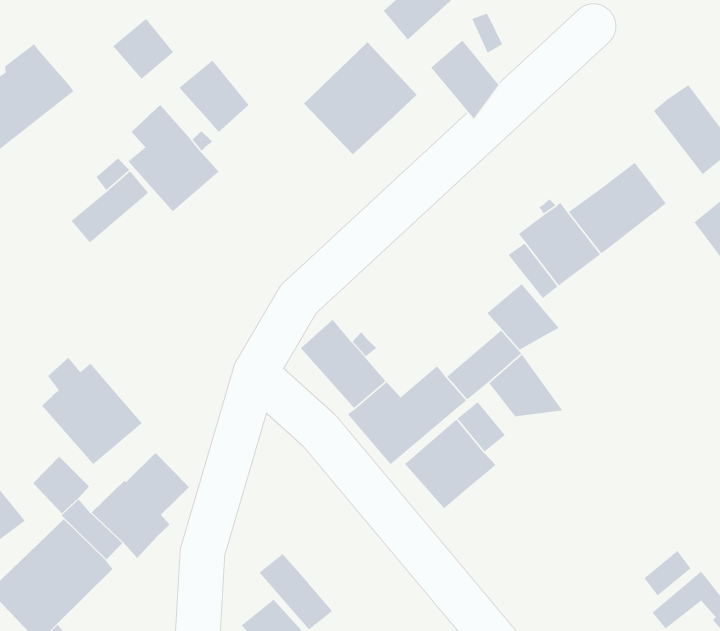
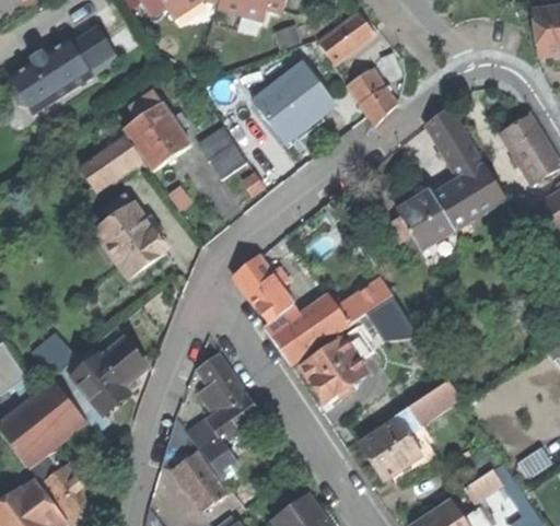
building: [112,18,174,80] -> [70,27,114,71]
building: [178,59,249,133] -> [197,127,246,179]
building: none -> [425,107,486,183]
building: [487,283,560,350] -> none
building: [41,357,143,465] -> [95,199,166,278]
building: none -> [197,353,262,443]
building: none -> [360,381,457,480]

